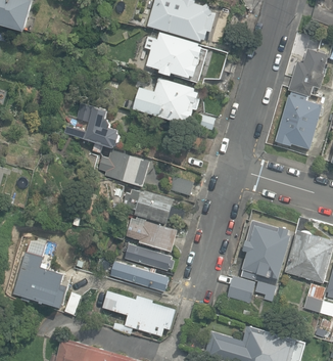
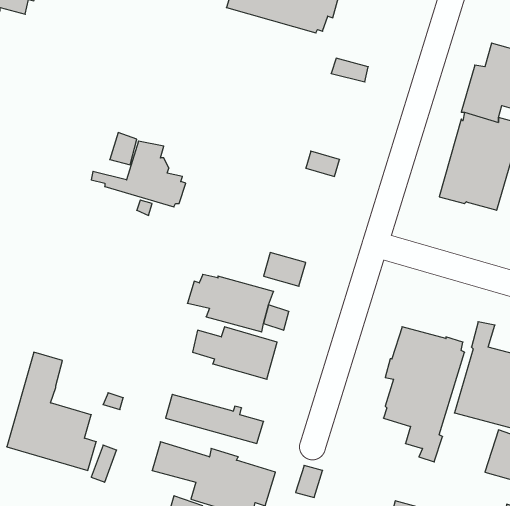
building: [144,32,206,82] -> none
building: [133,78,198,124] -> none
building: [99,149,151,186] -> none
building: [125,243,175,270] -> none
building: [227,274,255,303] -> none

